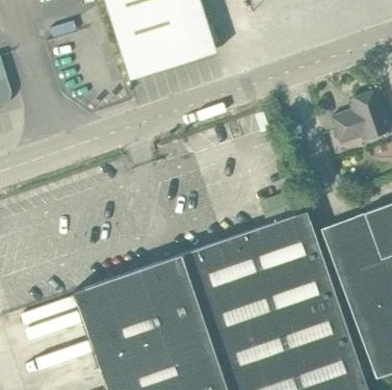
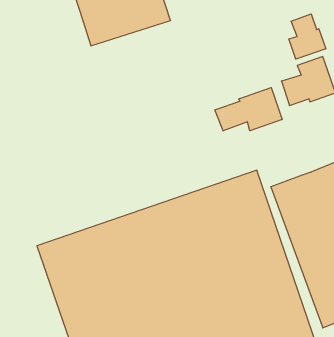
building: none -> [289,14,326,59]
building: none -> [215,88,282,131]

